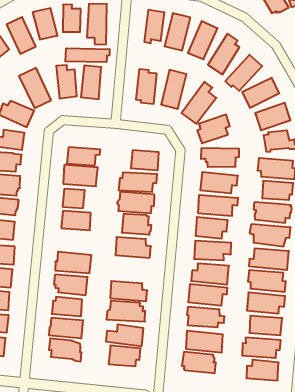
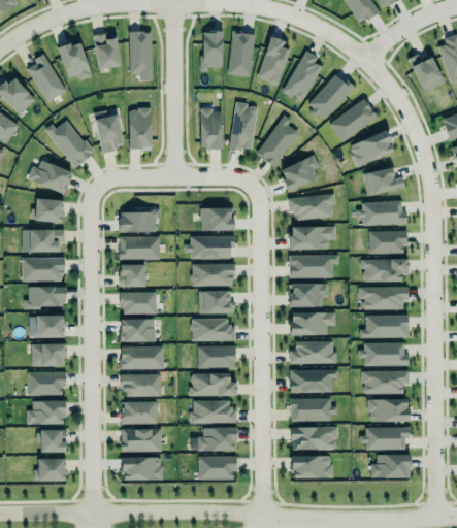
building: [66,48,110,62] -> none
building: none -> [122,320,156,342]
building: none -> [197,343,235,366]

